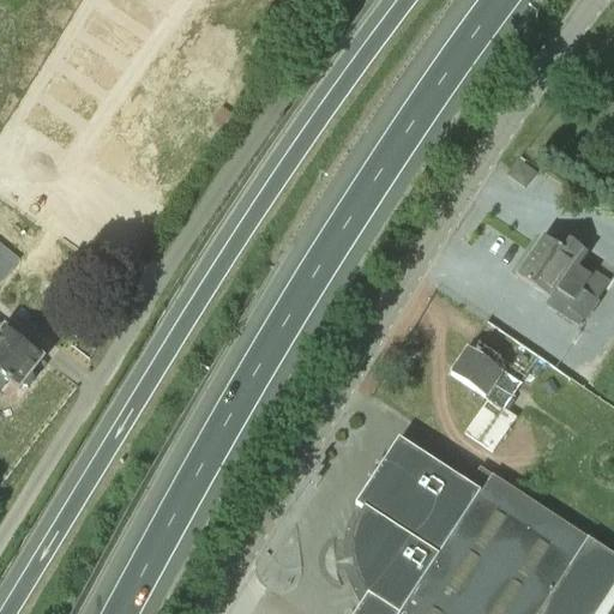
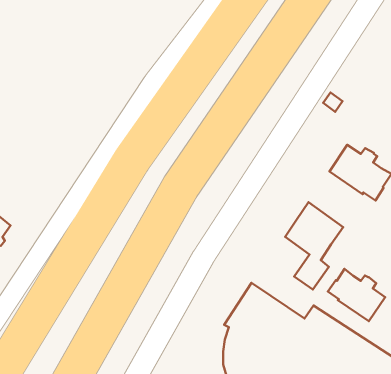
building: none -> [328,269,385,321]

